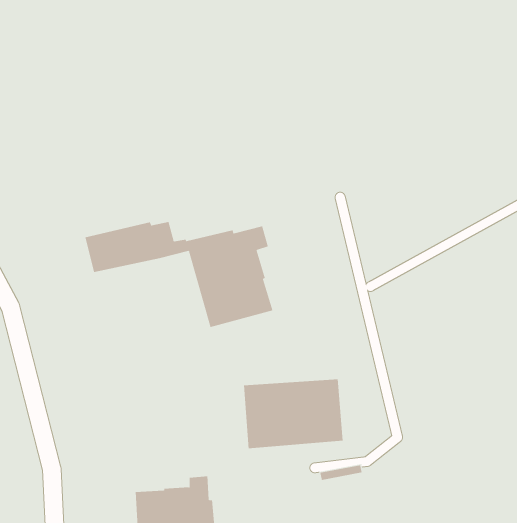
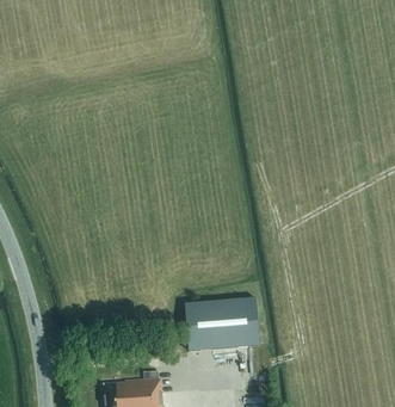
building: [85,221,273,328] -> none

